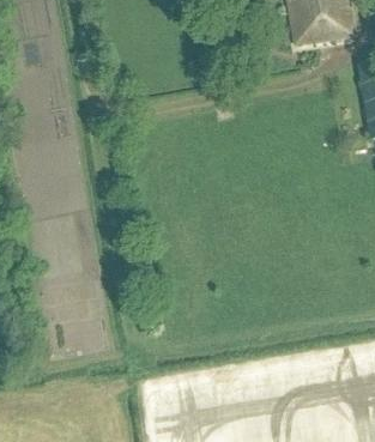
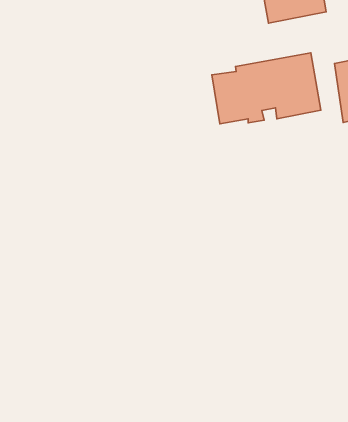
building: none -> [212,53,321,124]

